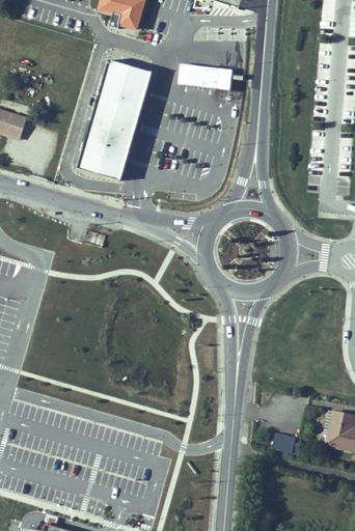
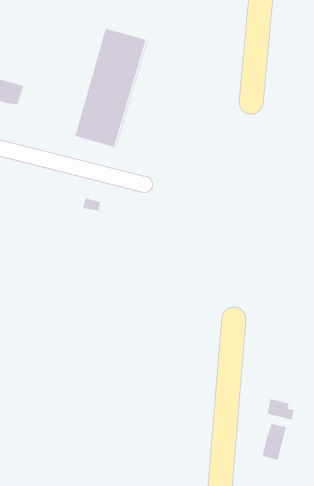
building: [180,63,233,89] -> none
building: none -> [262,423,286,460]

